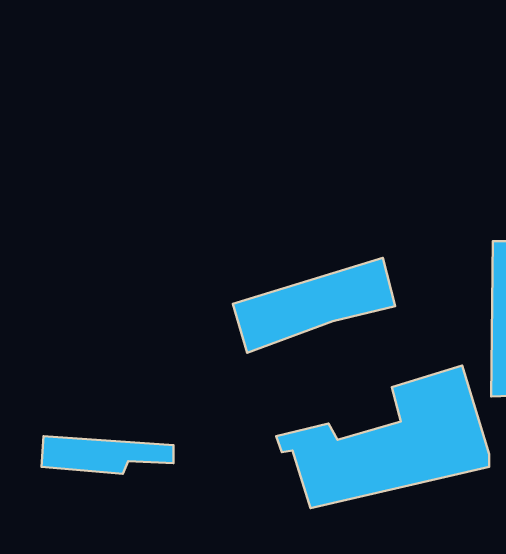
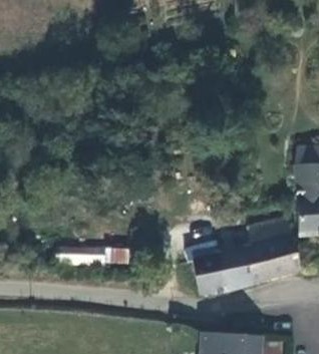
building: [233,258,395,353] -> none

